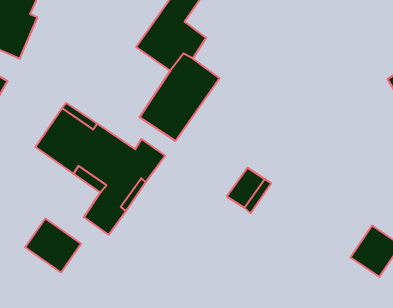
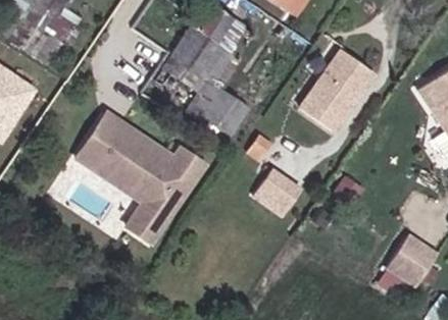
building: none -> [299,46,371,126]
building: [25,219,81,272] -> none

